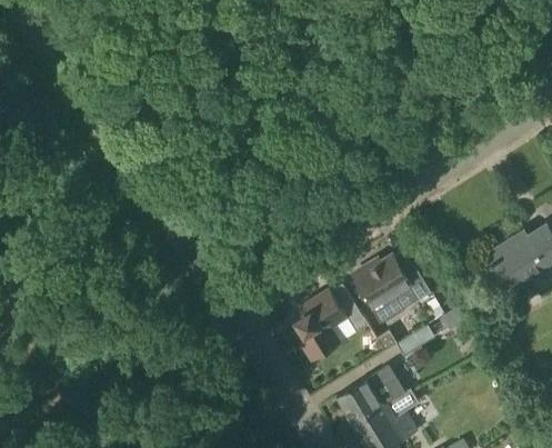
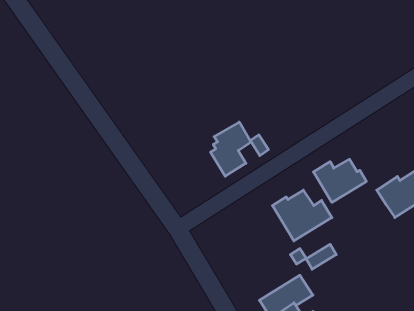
building: none -> [313,159,366,202]
building: [293,289,368,359] -> [211,122,268,176]

